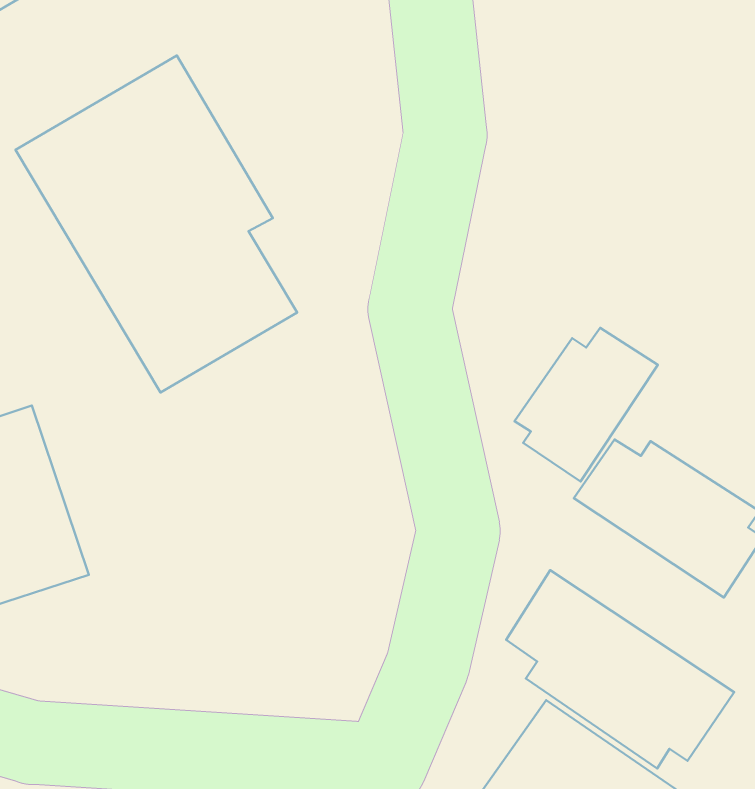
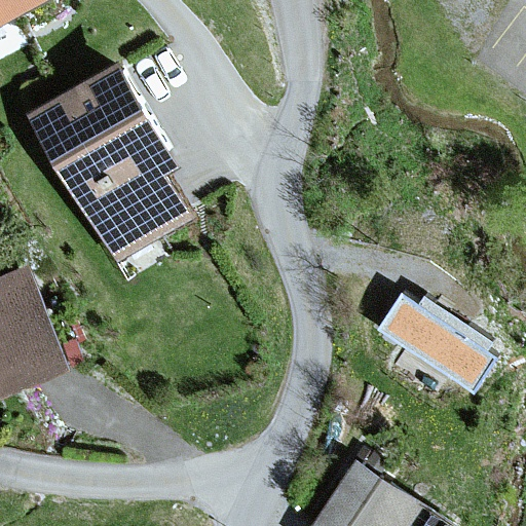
building: [515,328,658,482] -> none
building: [506,570,734,768] -> none

